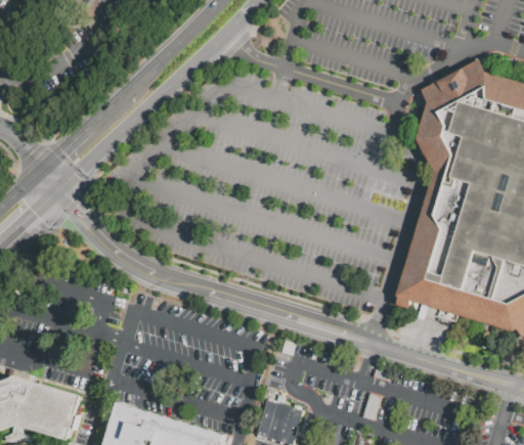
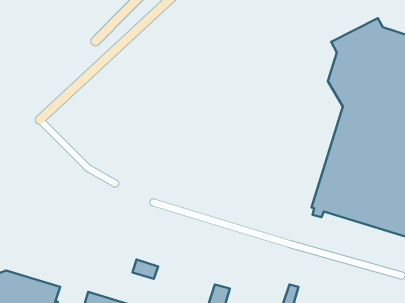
building: none -> [133,259,158,279]

